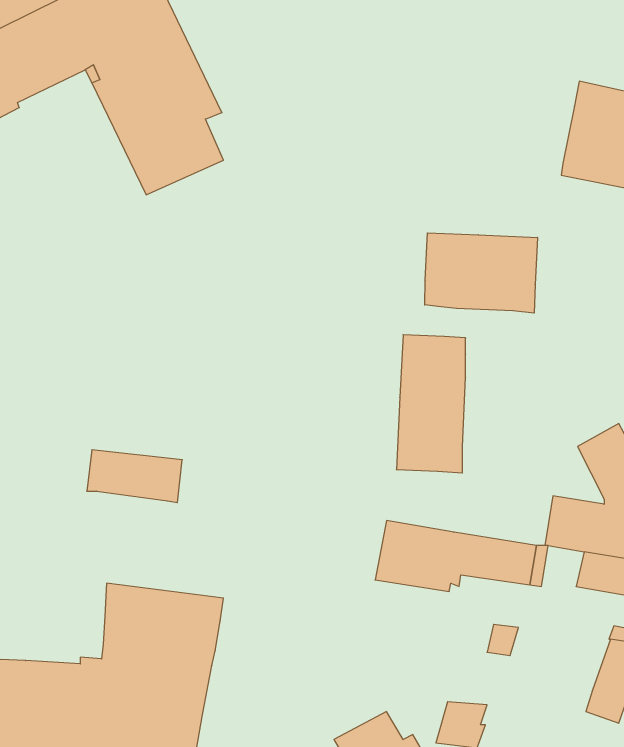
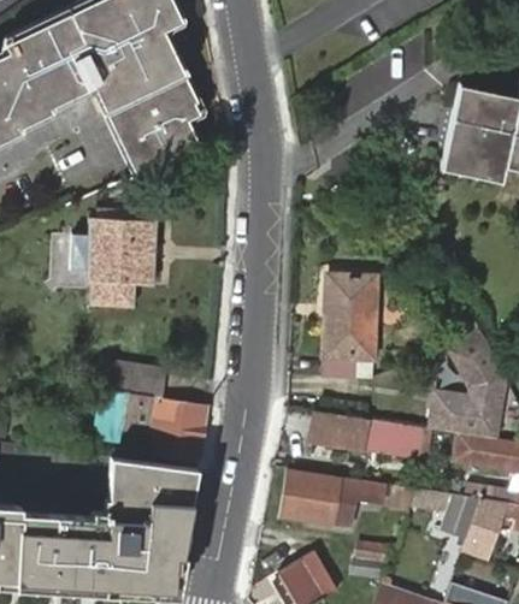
building: [425,233,537,313] -> none
building: none -> [71,218,155,308]
building: none -> [100,390,207,458]
building: none -> [282,470,384,526]
building: none -> [412,488,480,535]

